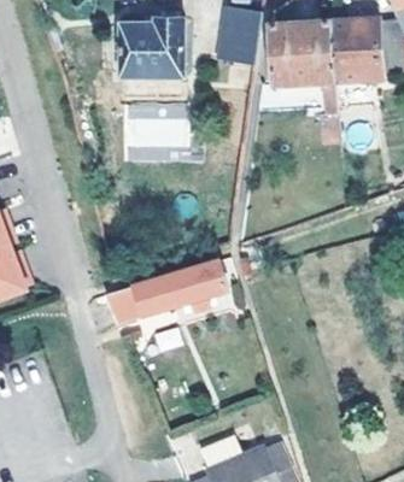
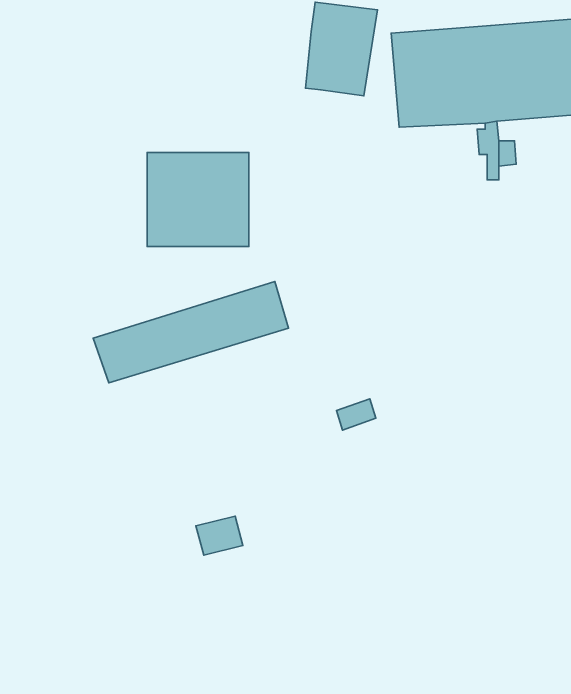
building: [121,17,185,82] -> none
building: [107,260,228,323] -> [93,281,289,383]

